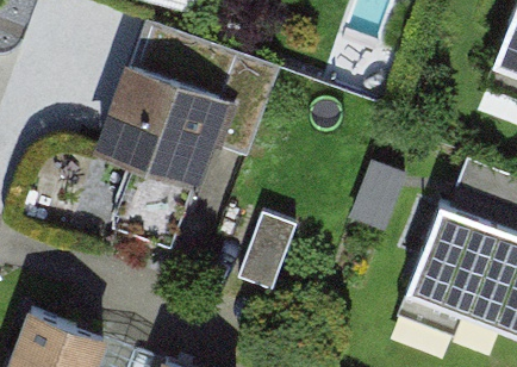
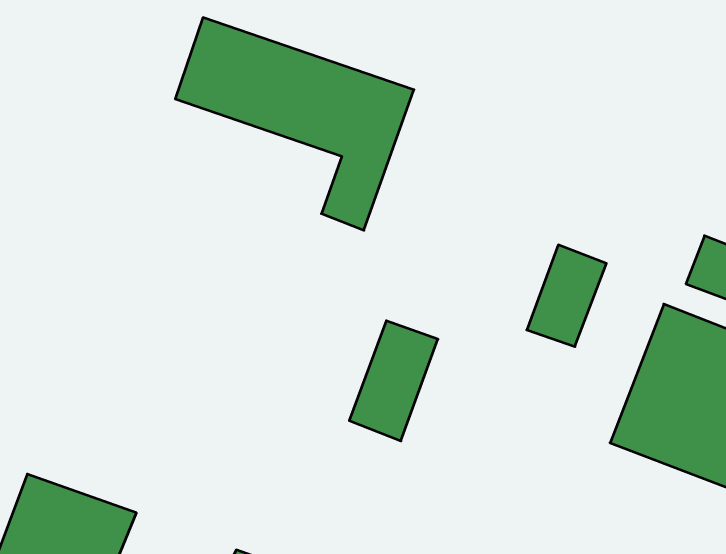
building: [94,73,223,200] -> none

